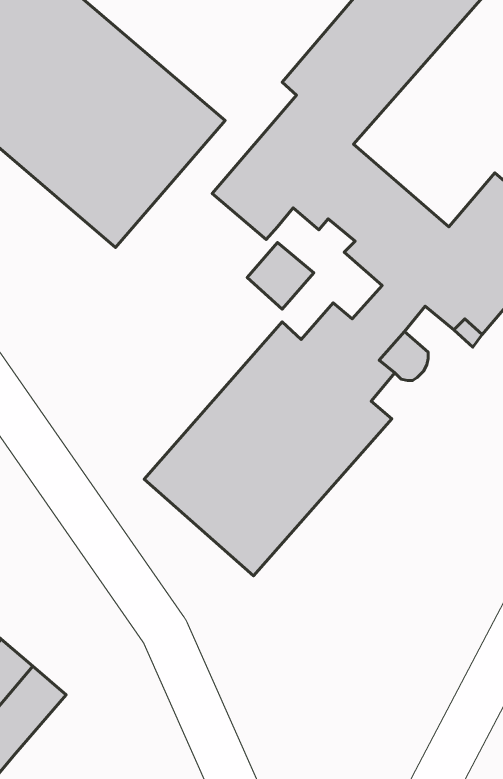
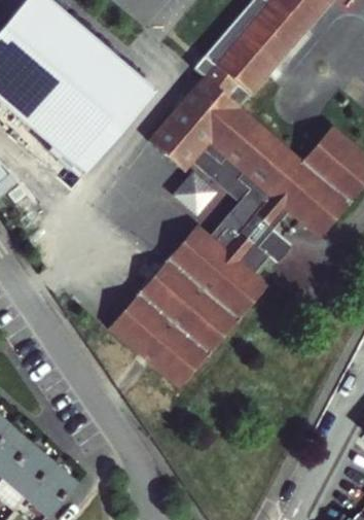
building: none -> [193,148,261,220]
building: none -> [24,464,78,513]

